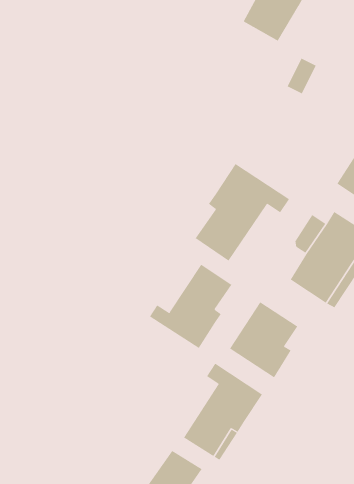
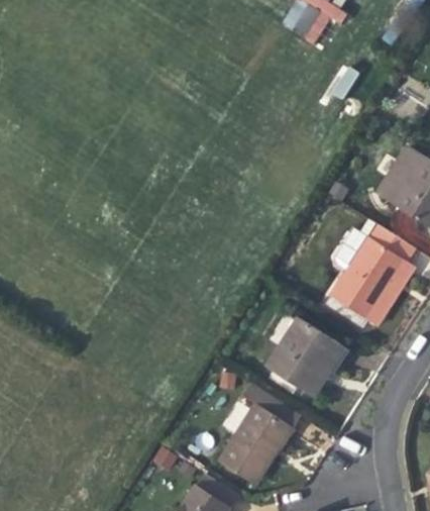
building: [195,163,290,262] -> none
building: [149,264,232,349] -> none

